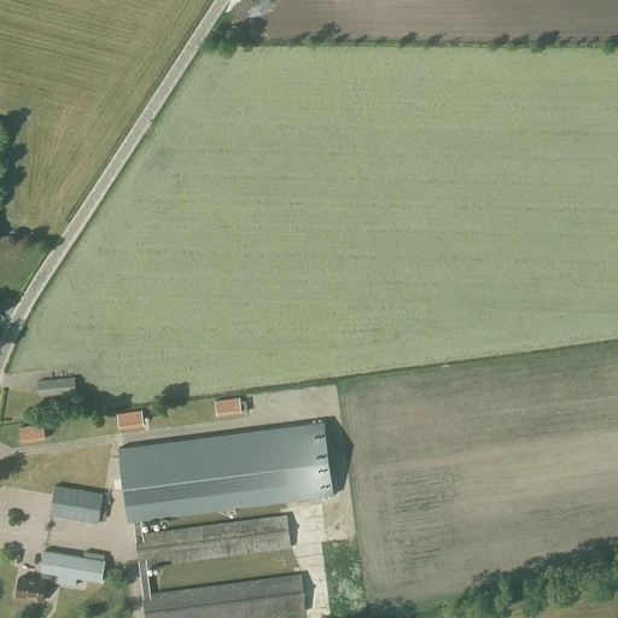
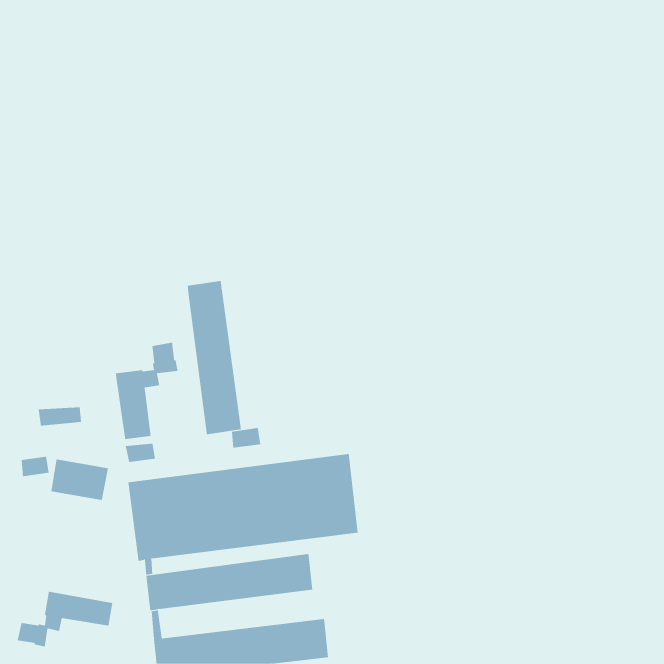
building: none -> [187,280,242,435]
building: none -> [115,342,178,440]
building: [49,485,104,524] -> [50,459,109,501]

